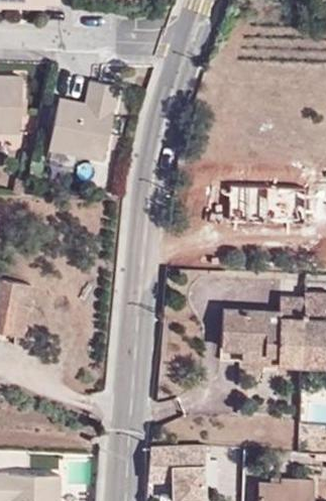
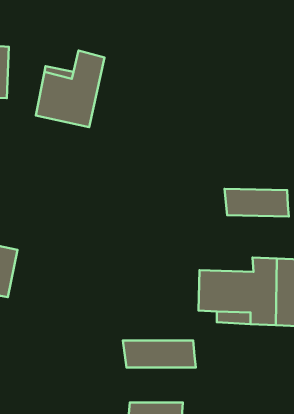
building: none -> [224,189,289,217]
building: none -> [123,341,196,367]

